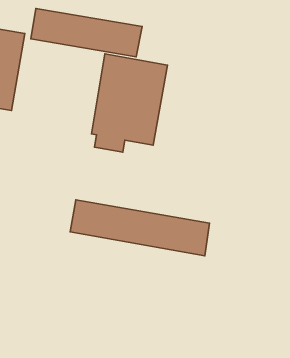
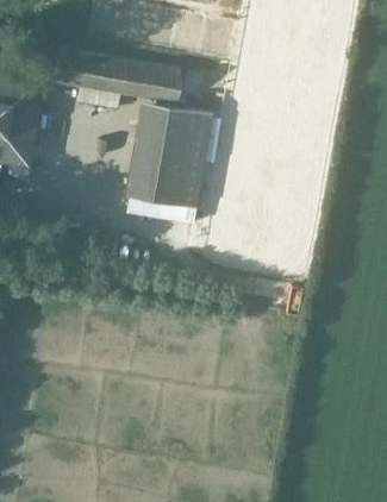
building: [70,200,210,256] -> none

